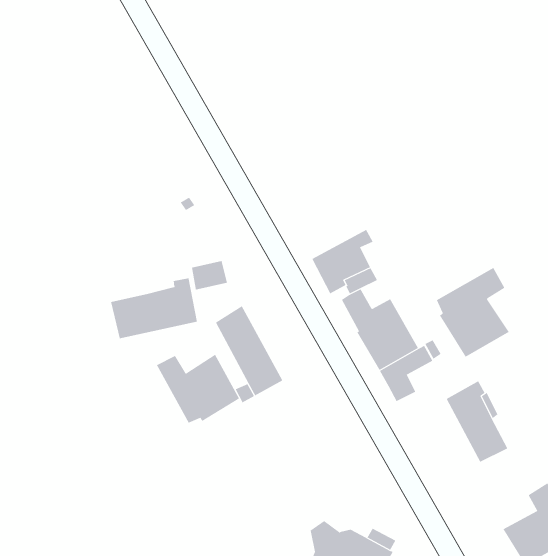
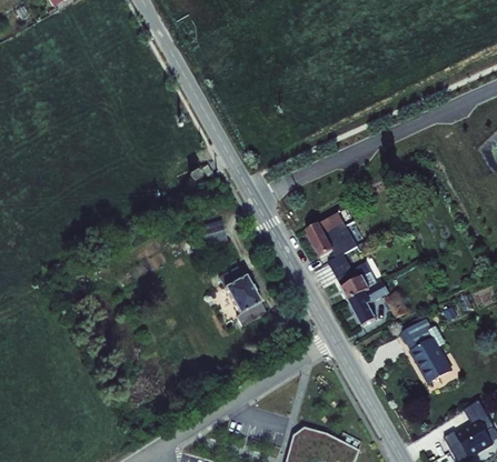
building: [436,267,509,357] -> none
building: [110,277,198,339] -> none
building: [156,354,240,423] -> none

